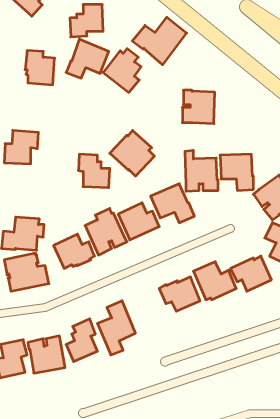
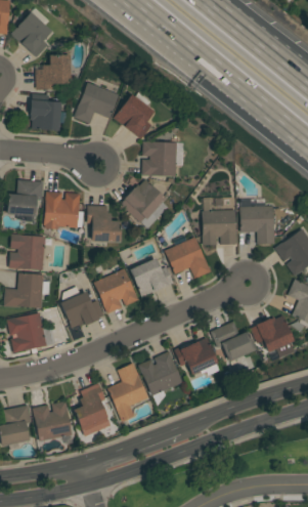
building: [70,5,103,37] -> [36,55,72,90]
building: [132,17,187,65] -> none
building: [182,90,215,124] -> [142,141,177,177]
building: none -> [44,192,81,228]
building: none -> [9,235,46,271]
building: none -> [138,351,183,402]

